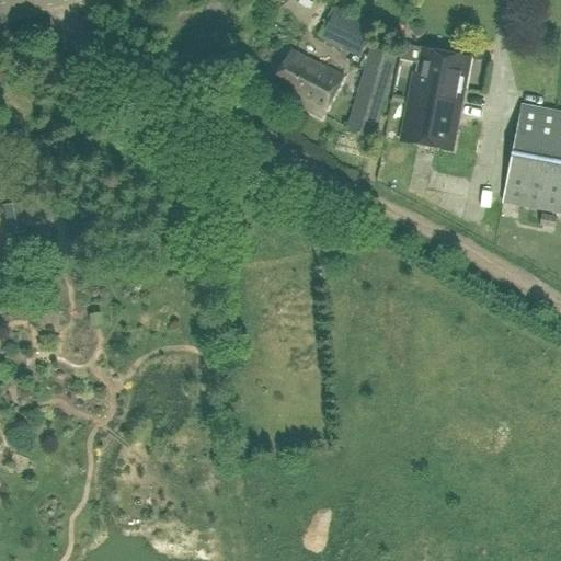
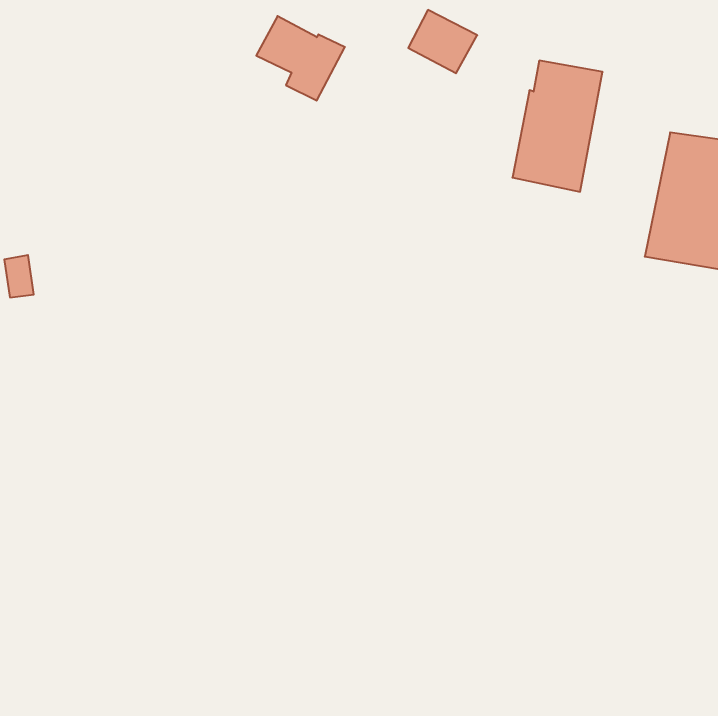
building: [346,47,394,138] -> none
building: [274,49,343,115] -> [256,16,345,101]

